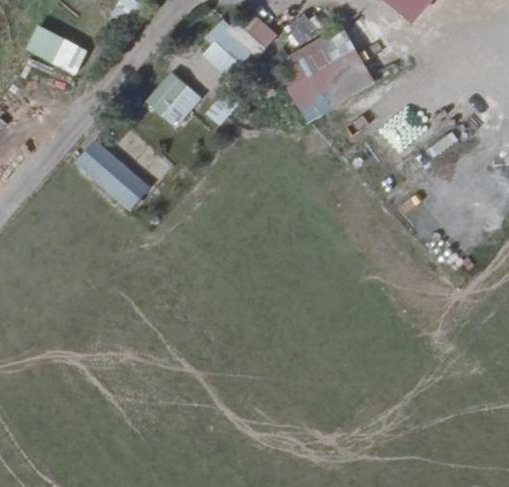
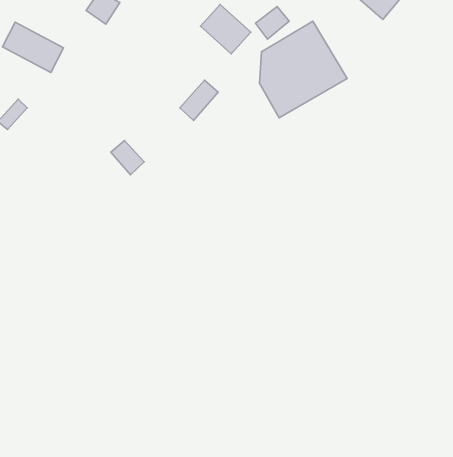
building: [202,29,250,77] -> none
building: [146,72,202,127] -> none
building: [74,140,150,211] -> none

